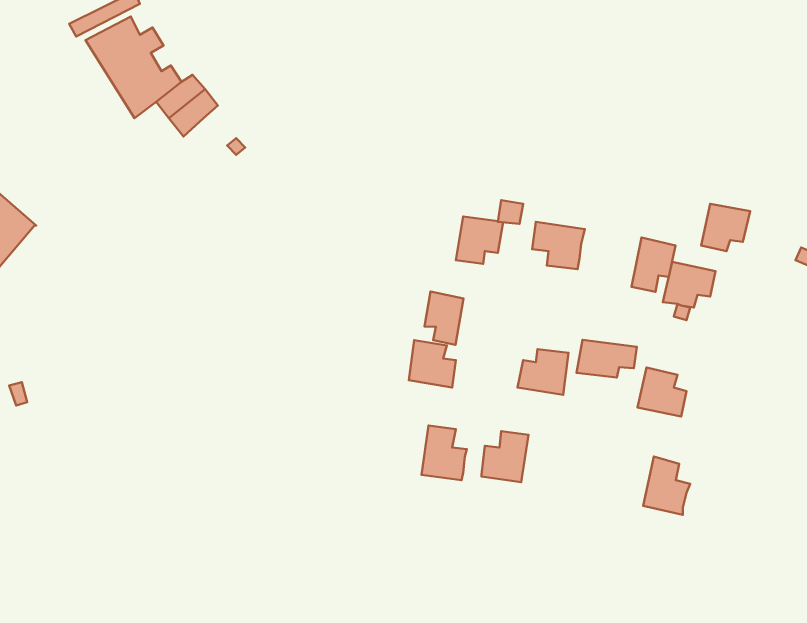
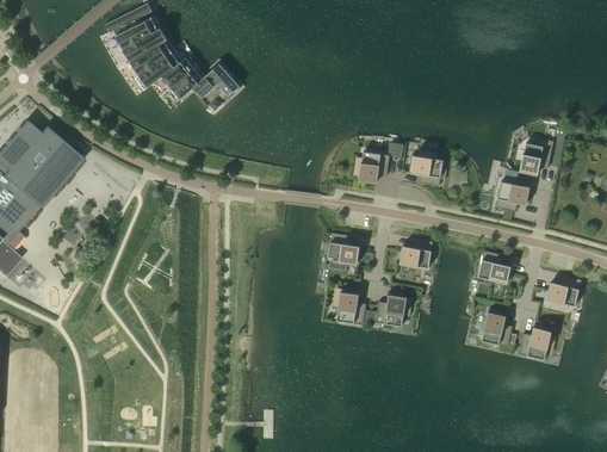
building: none -> [192,63,239,98]
building: [631,238,675,292] -> none
building: [425,292,463,345] -> none
building: [577,340,637,378] -> none
building: none -> [545,275,580,307]
building: none -> [518,324,551,360]

